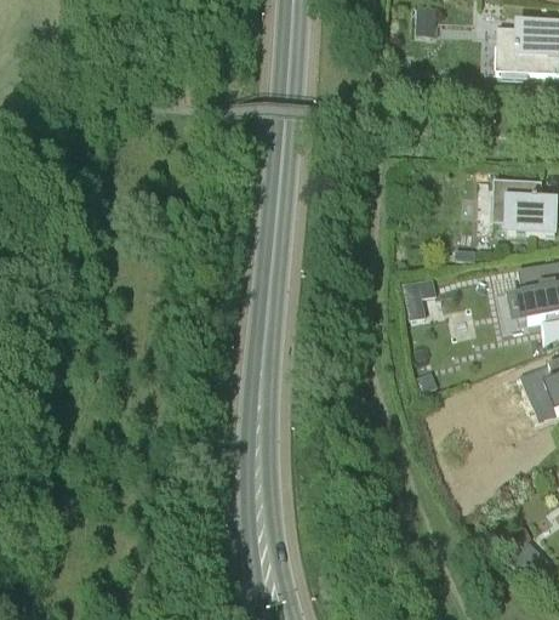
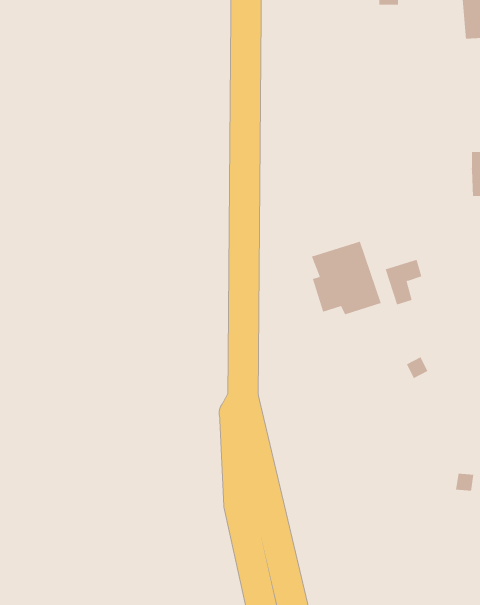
building: none -> [311,241,381,315]

